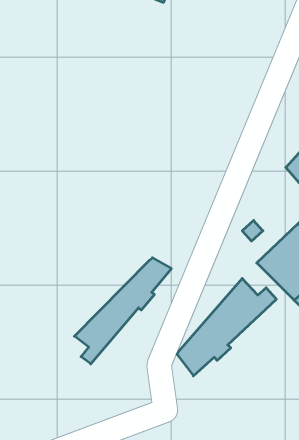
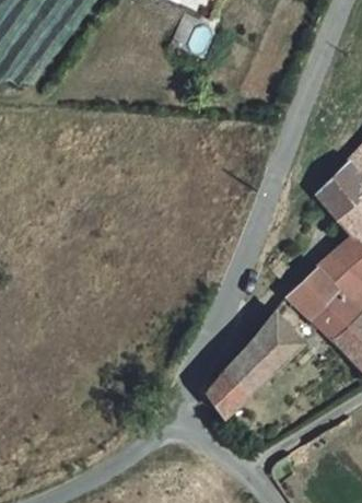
building: [74,258,171,364] -> none

